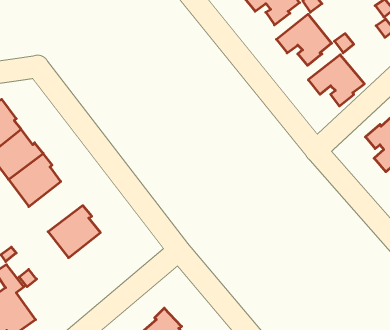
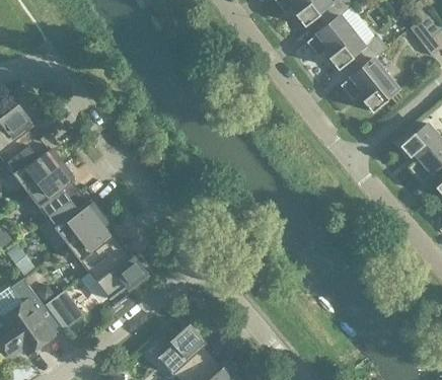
building: none -> [47,192,103,244]
building: none -> [88,245,147,299]
building: none -> [45,290,83,330]

